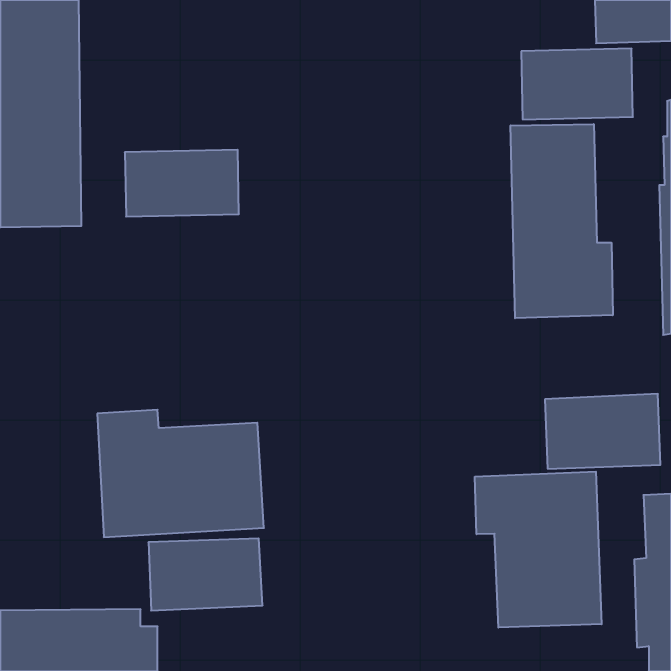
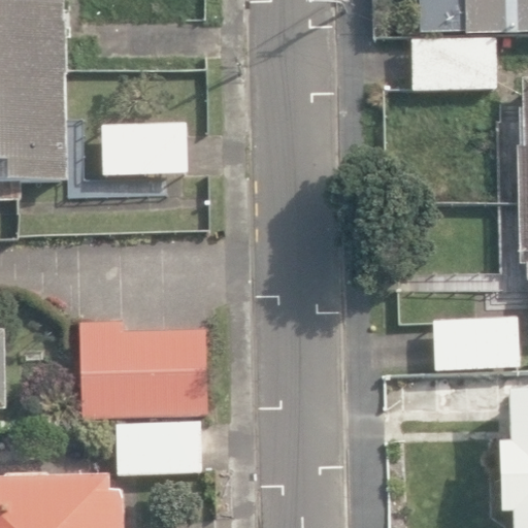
building: [511,124,613,318] -> none
building: [475,472,602,628] -> none

